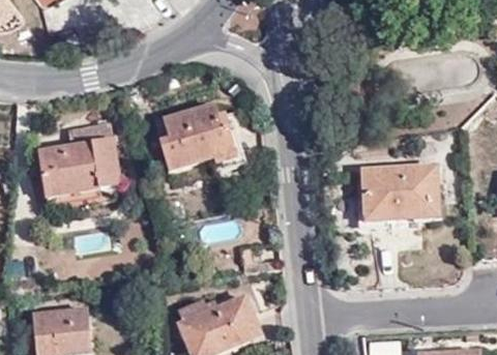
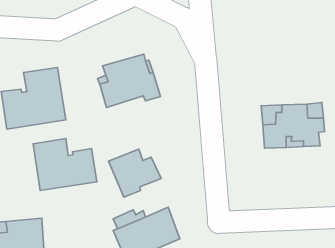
building: none -> [33,138,97,191]
building: none -> [108,149,161,197]

